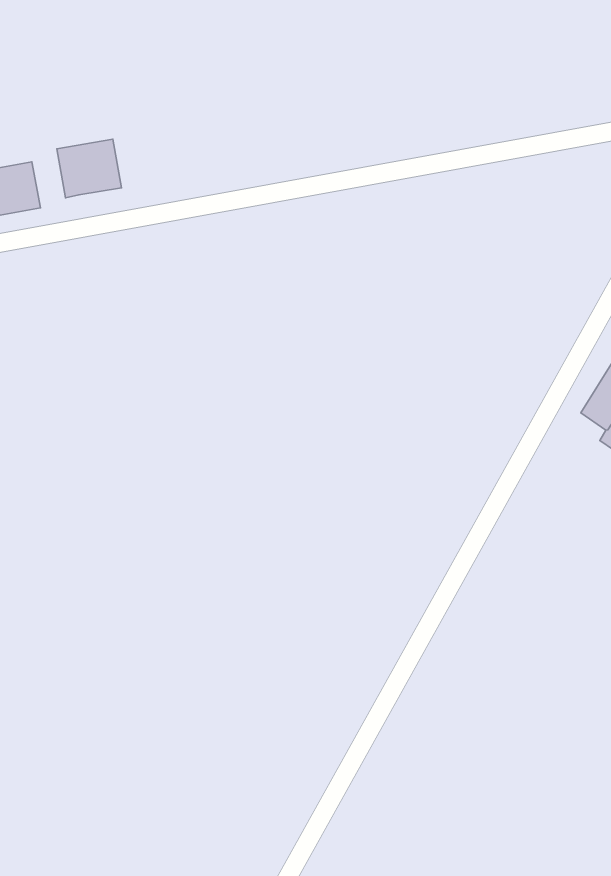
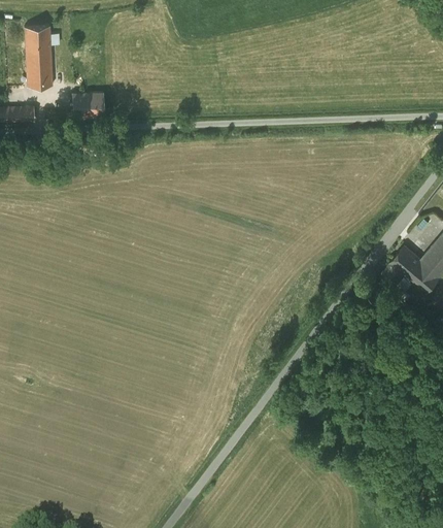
building: [57,139,122,198] -> none

